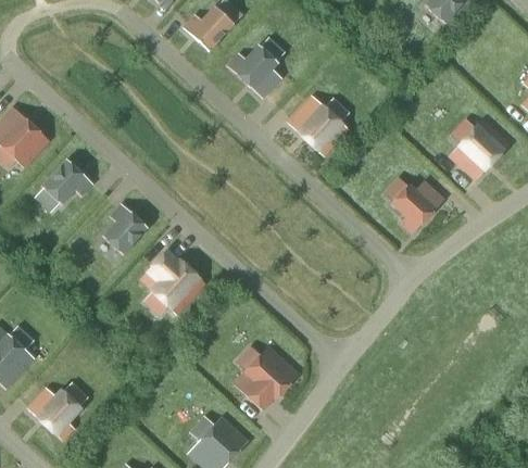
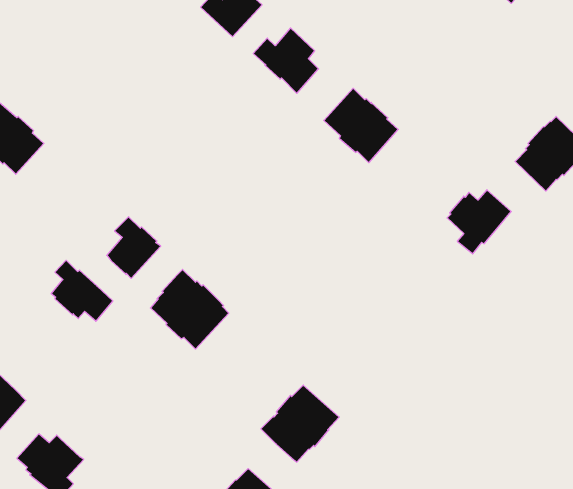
building: [40,157,93,203] -> none
building: none -> [51,260,113,321]

